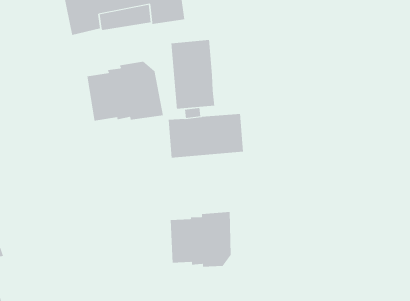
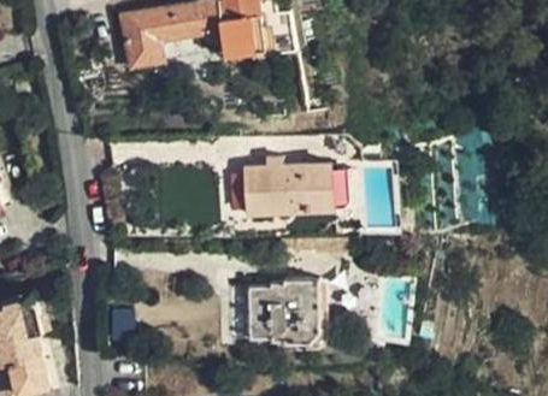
building: [171,39,215,110] -> none
building: [87,61,163,122] -> none

